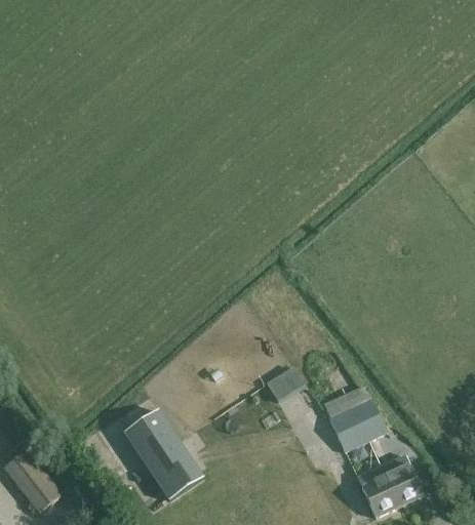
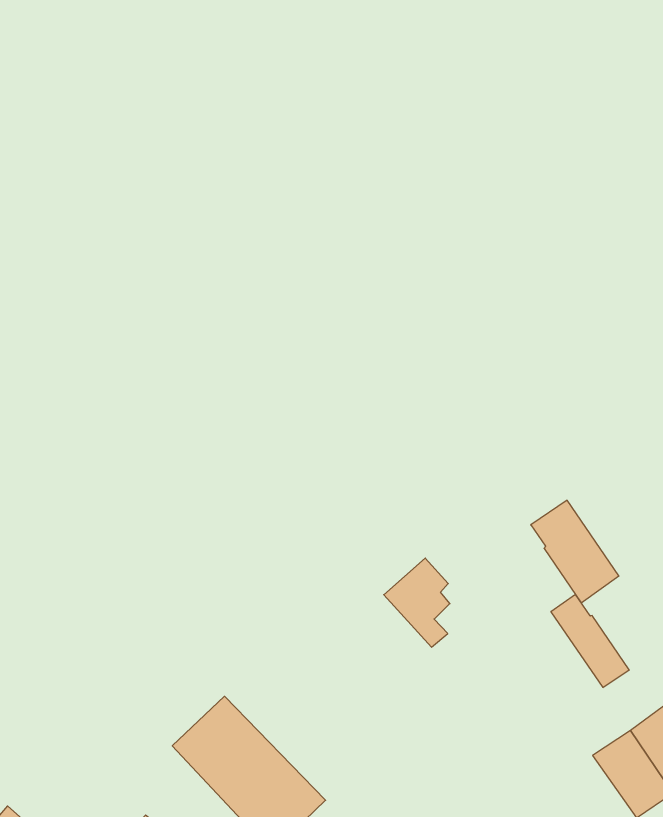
building: [325,394,369,452] -> [531,500,619,603]

